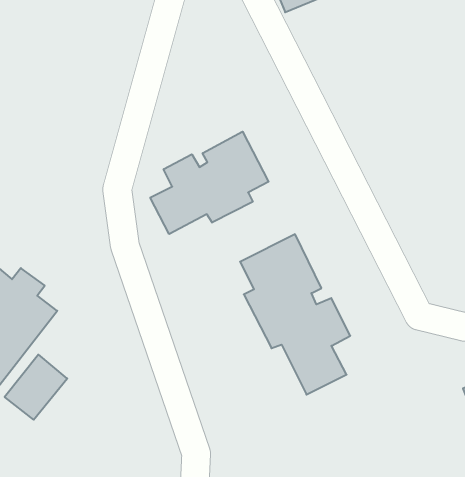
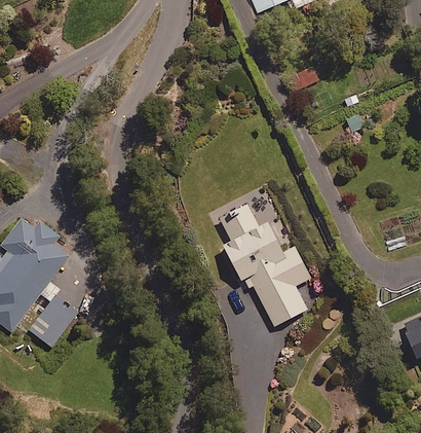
building: [150,132,269,234] -> none

